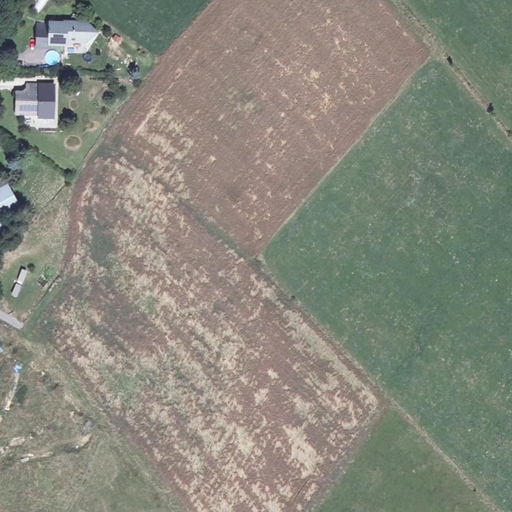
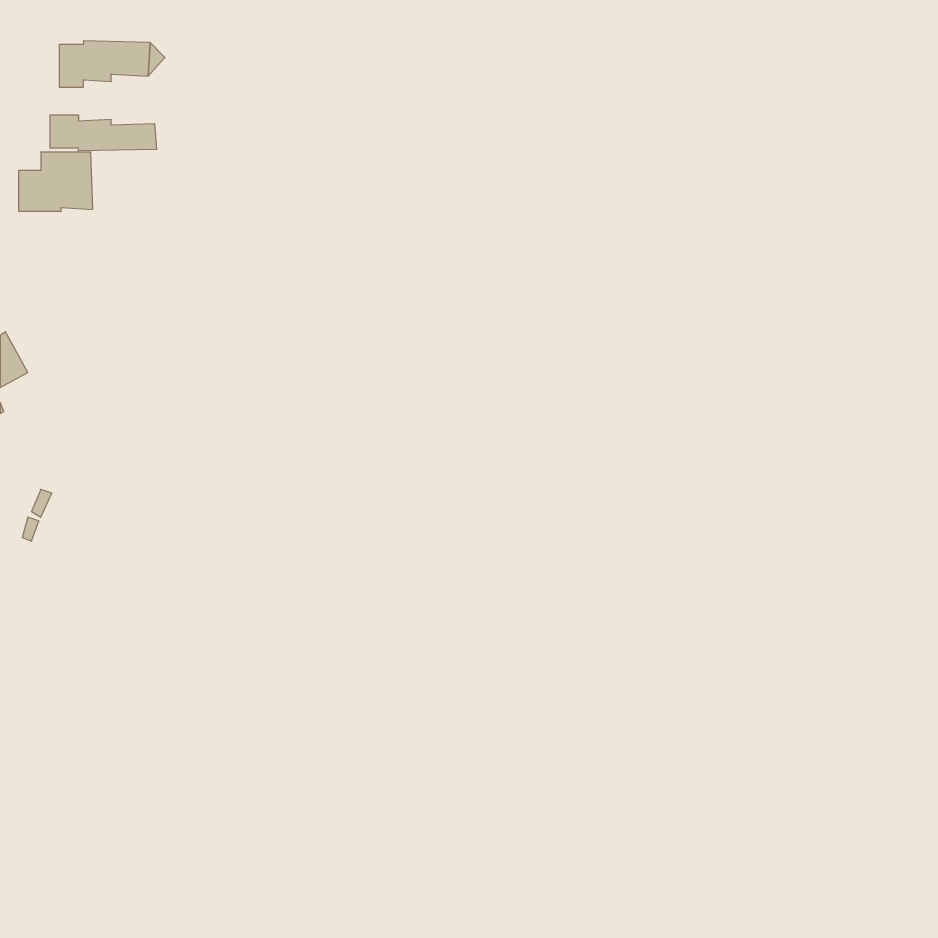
building: none -> [50,115,157,151]

